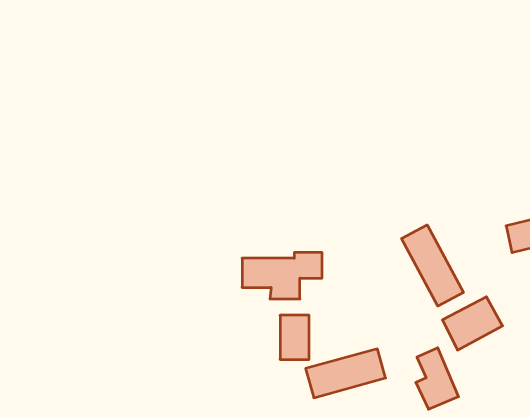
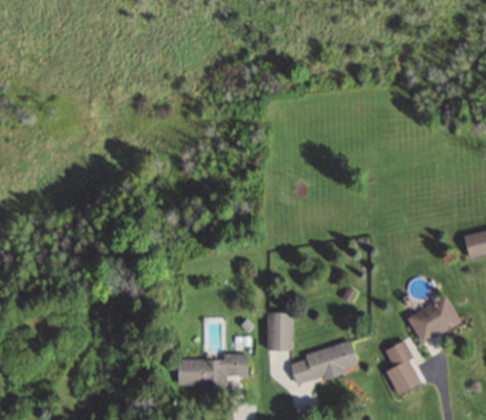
building: [402,225,463,306] -> none
building: [242,253,322,299] -> [177,354,247,394]

